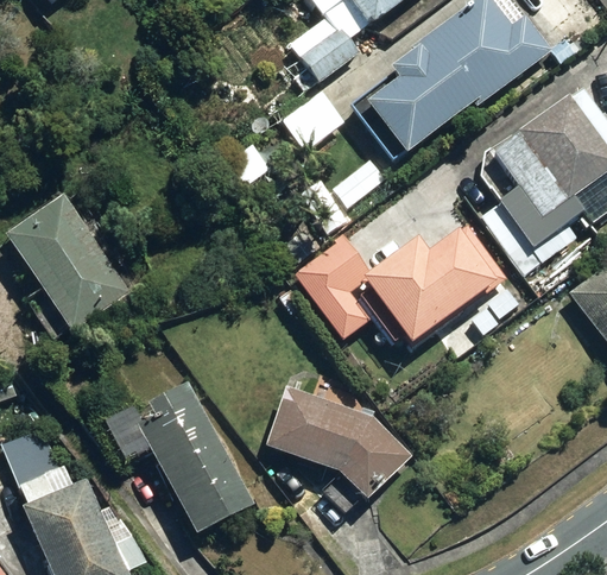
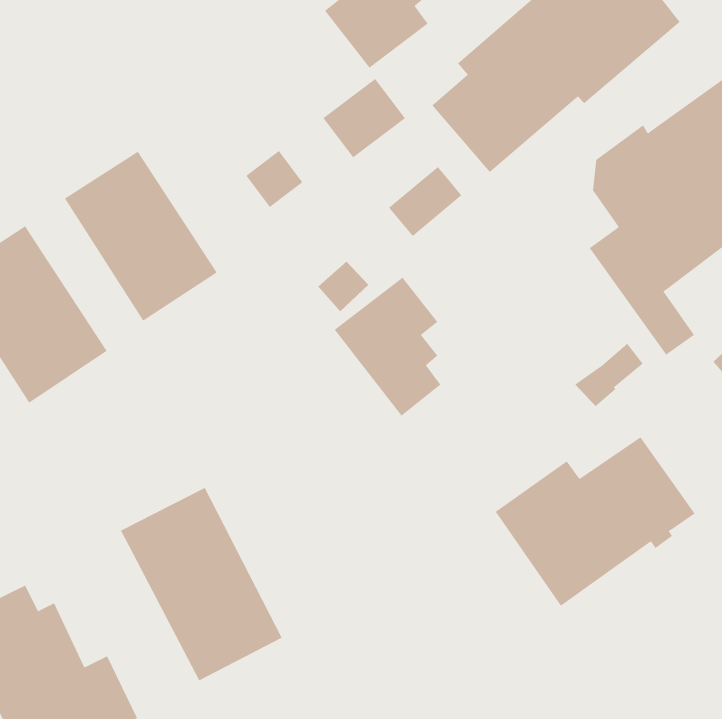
building: none -> [64,151,218,322]
building: [361,222,510,348] -> [495,436,695,606]
building: [265,386,413,500] -> none

